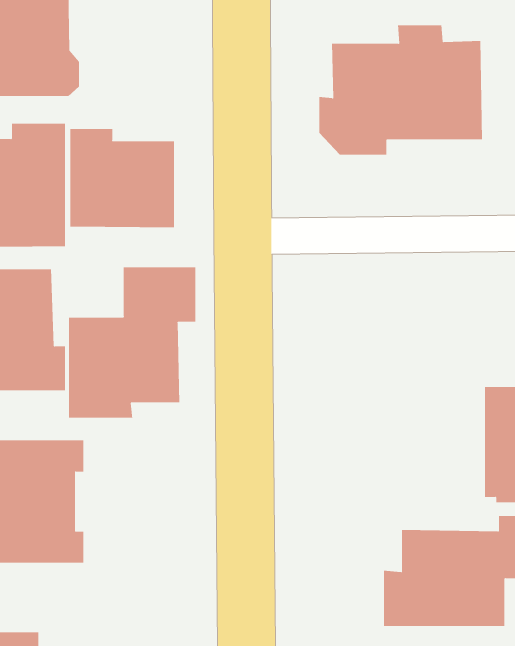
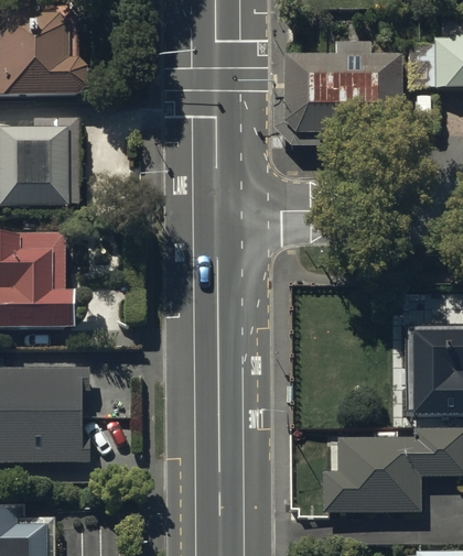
building: [70,128,174,228] -> none
building: [68,267,196,418] -> none

